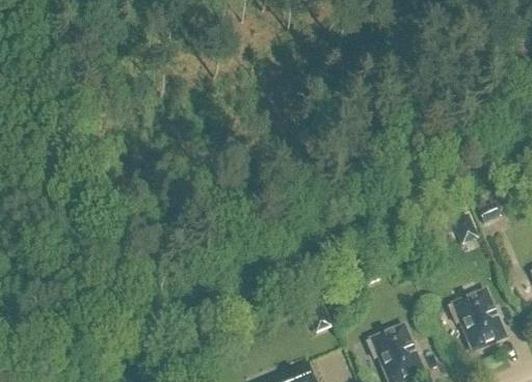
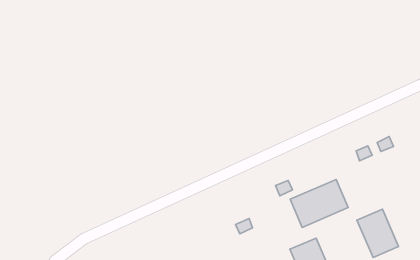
building: none -> [290,179,348,227]

